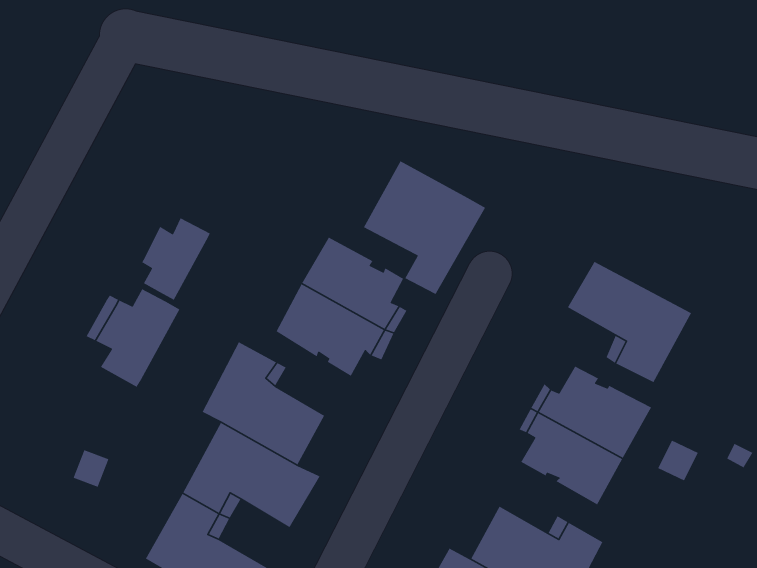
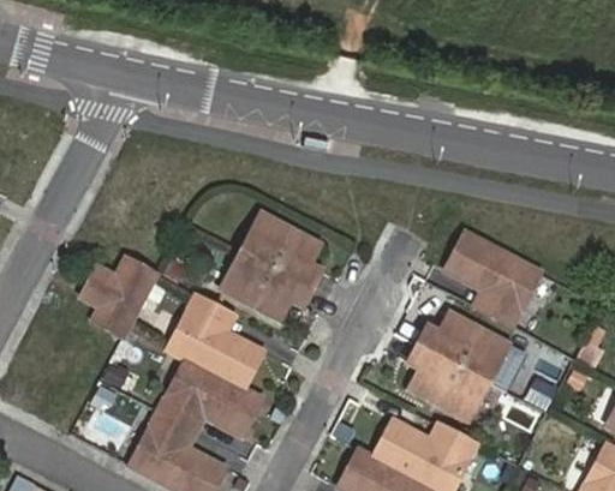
building: [363,160,486,296] -> none
building: [141,217,211,301] -> none

